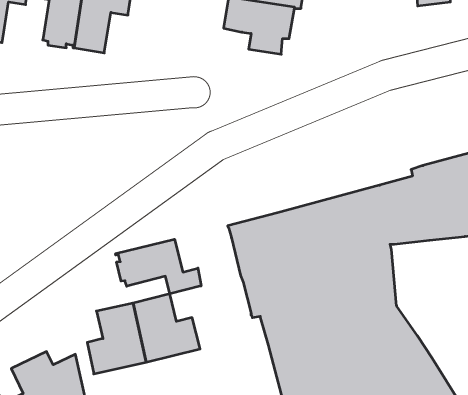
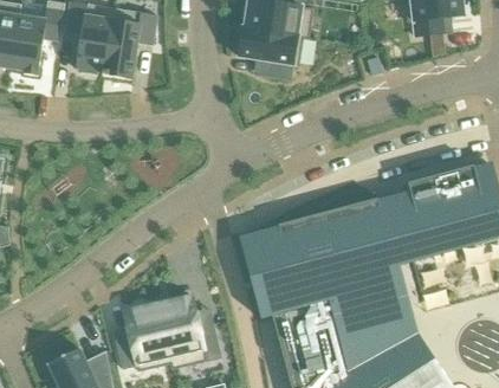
building: [116,239,201,294] -> none

